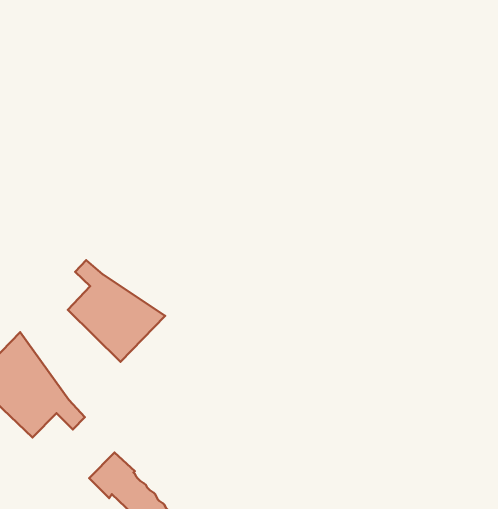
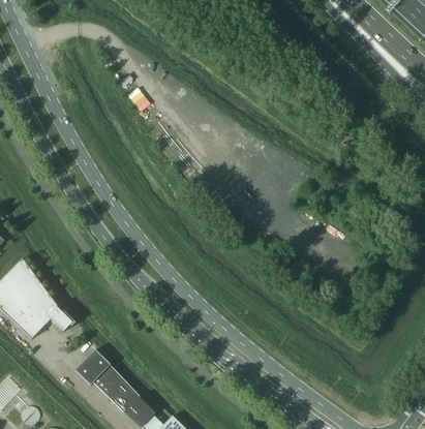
building: [68,260,165,362] -> none

